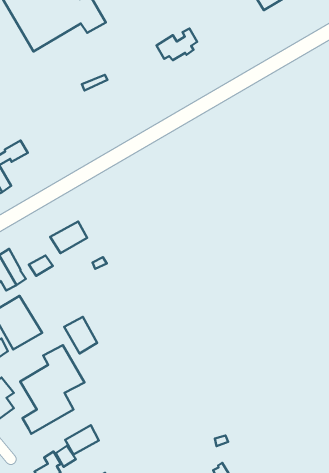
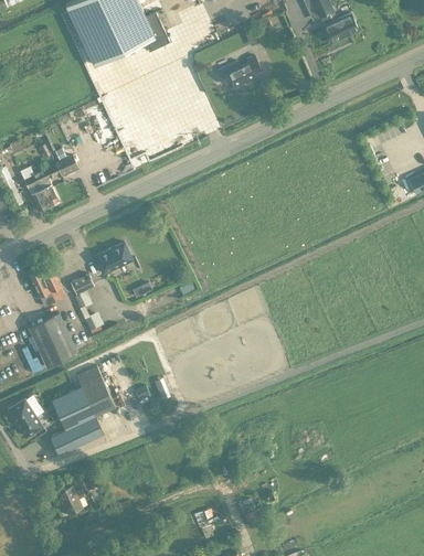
building: [64,317,97,353] -> none
building: [65,425,99,455] -> none

